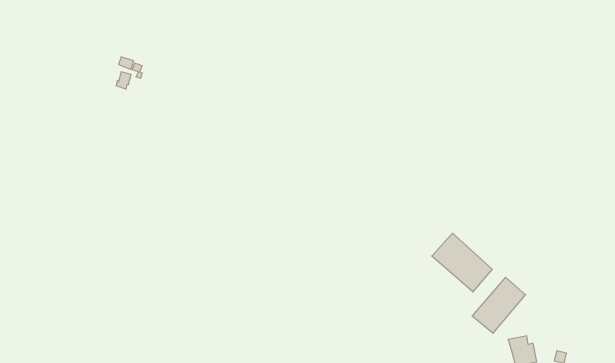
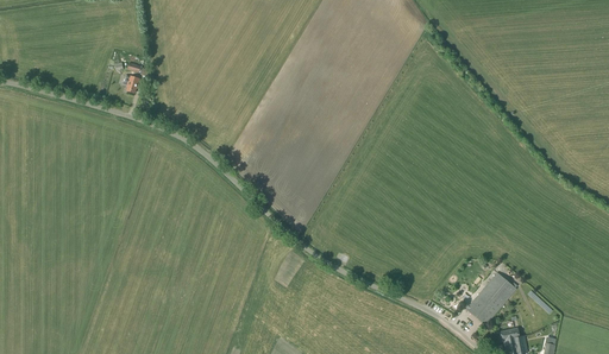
building: [432,233,492,292] -> none

